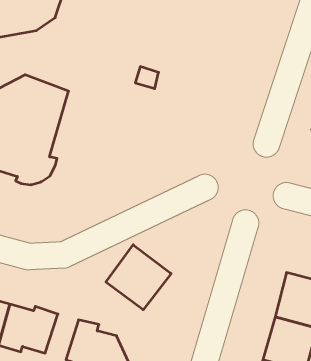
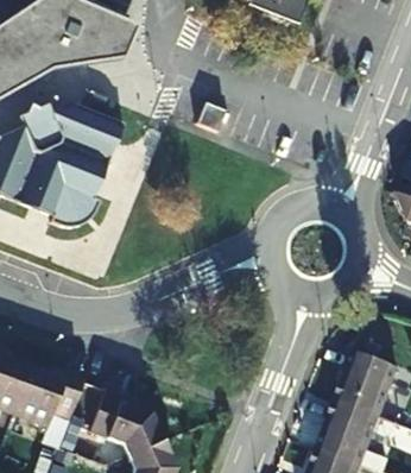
building: [106,245,171,310] -> none

